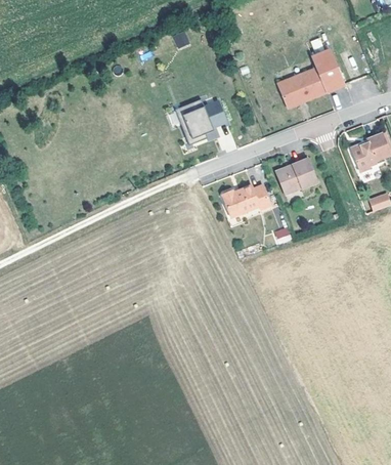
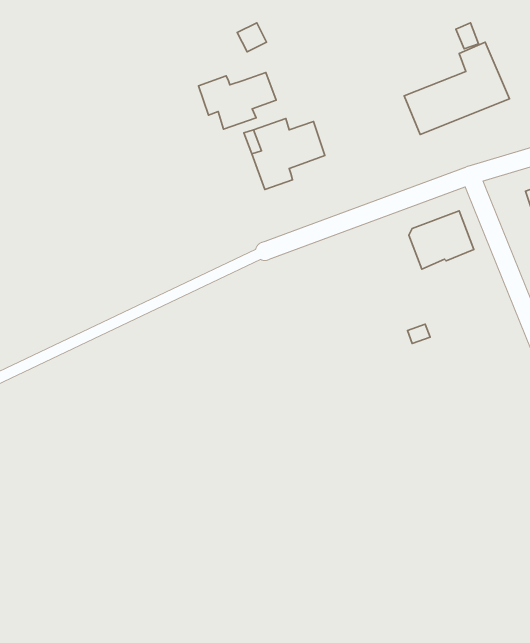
building: none -> [198,72,276,129]
building: [222,182,271,217] -> none

